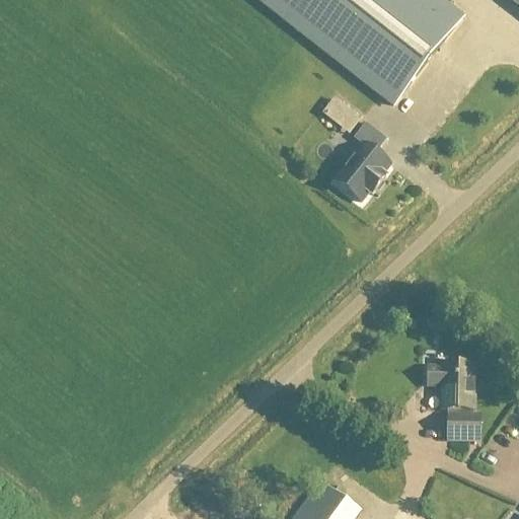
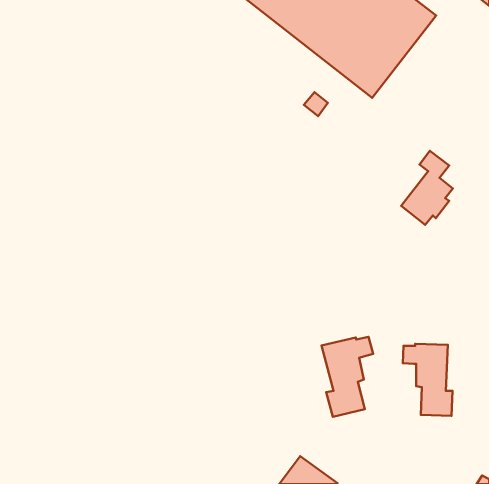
building: [333,122,388,200] -> [401,151,453,225]
building: none -> [321,337,373,417]

